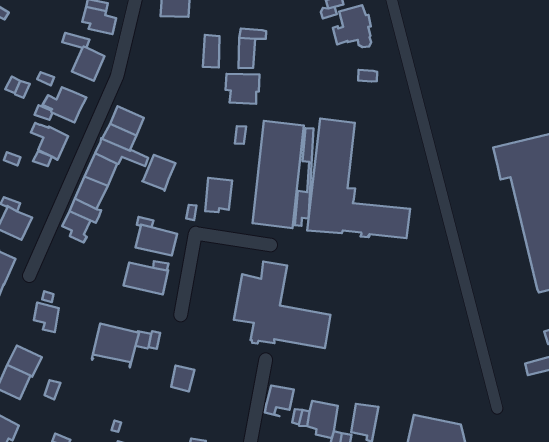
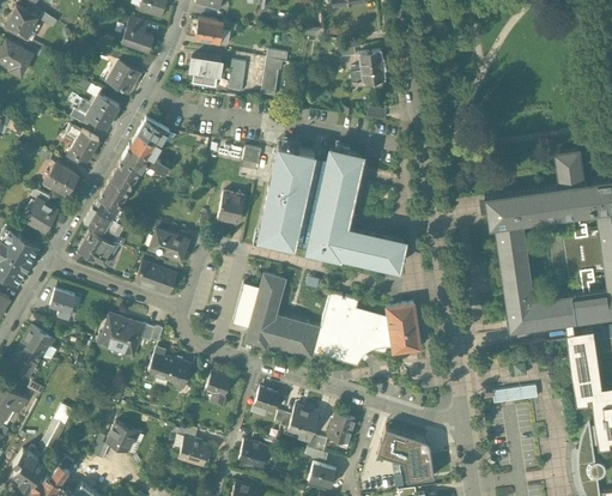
building: [226,74,259,104] -> [190,59,223,89]
building: [142,155,176,191] -> none
building: none -> [46,164,79,195]
building: none -> [79,232,115,268]
building: none -> [314,294,420,367]
building: none -> [146,349,175,383]
building: none -> [206,371,231,407]

